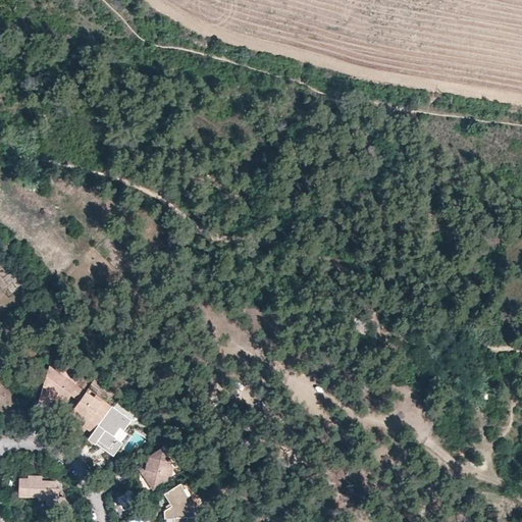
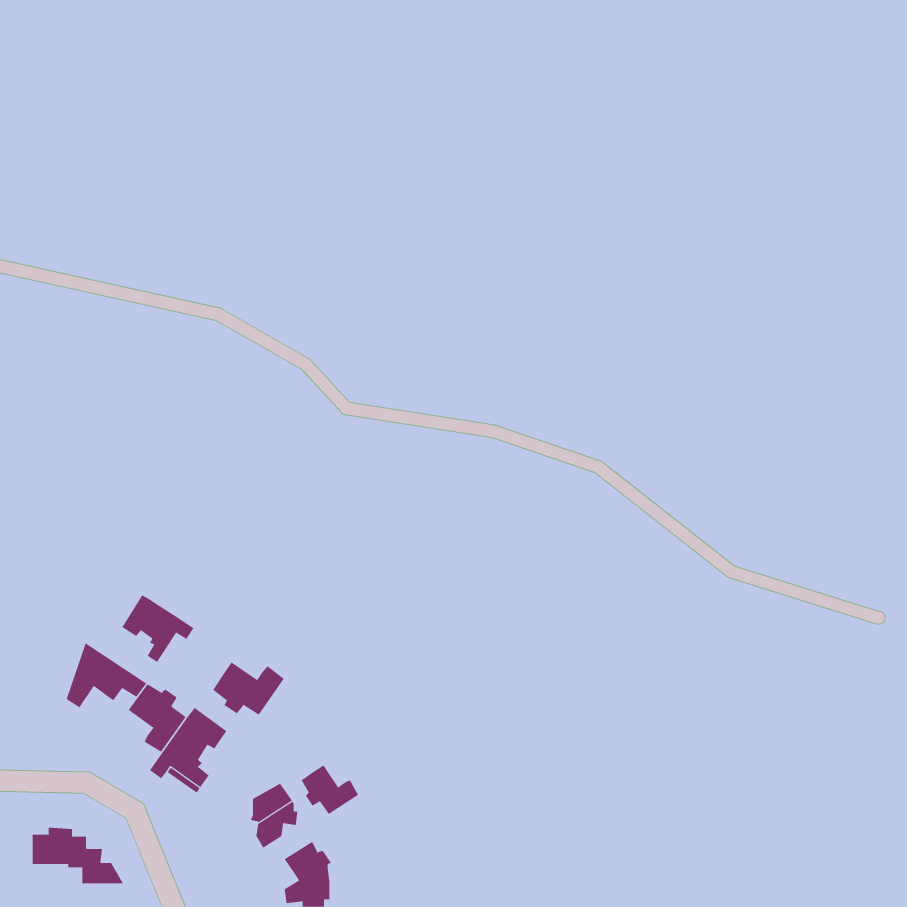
building: none -> [122,594,194,663]
building: none -> [213,662,284,716]
building: none -> [301,764,359,815]

